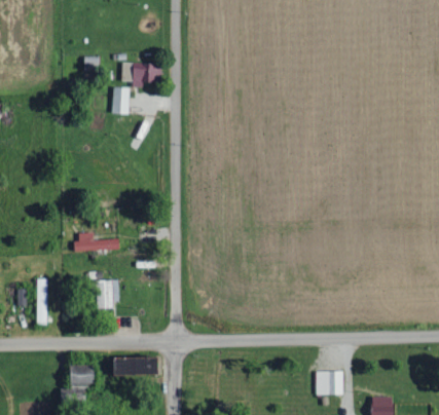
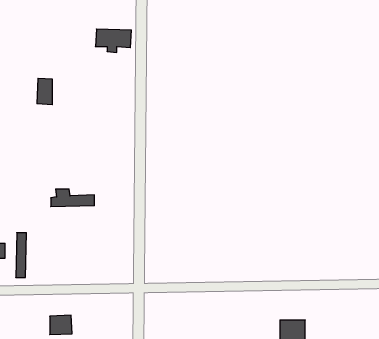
building: [112,86,129,114] -> [37,78,52,105]
building: [98,279,117,308] -> none
building: [116,356,162,375] -> none

